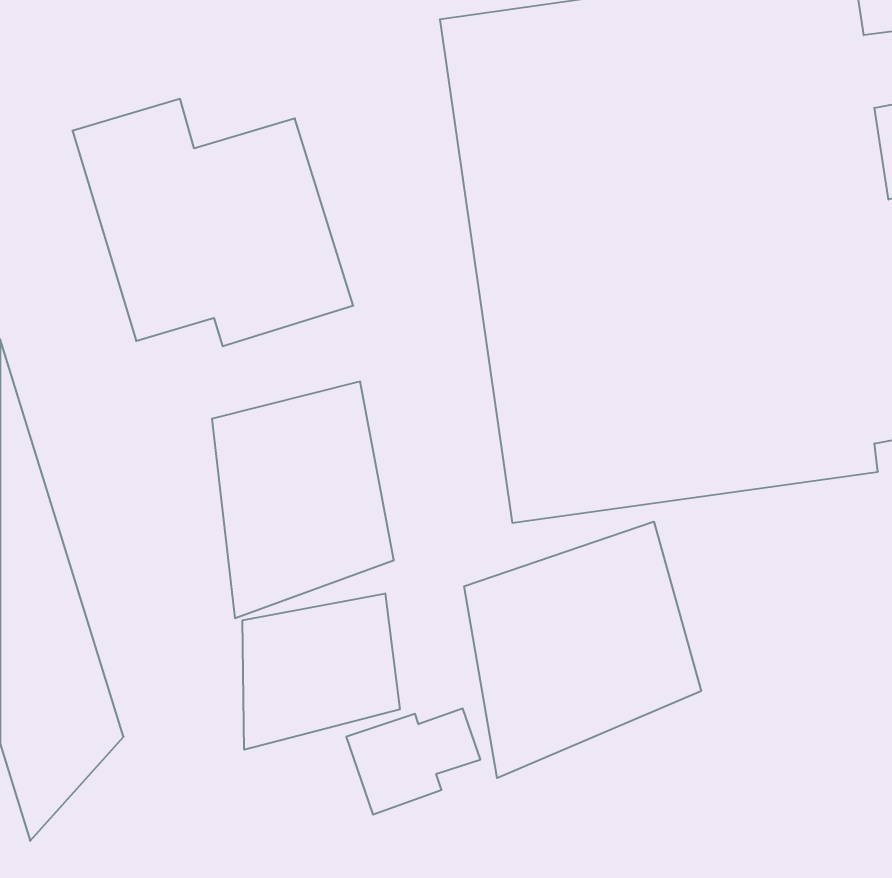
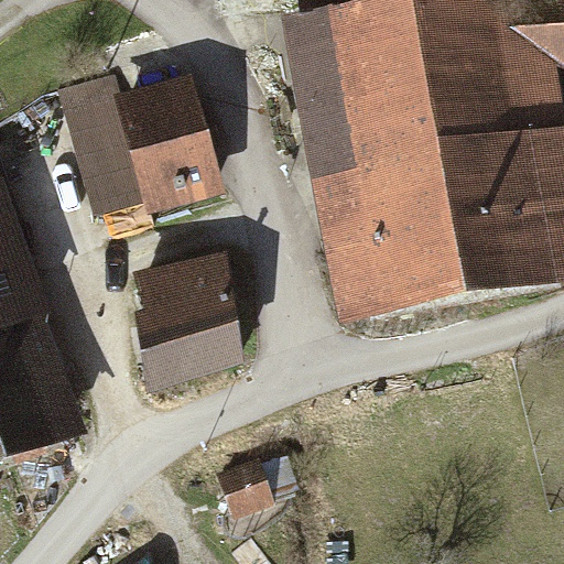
building: [464,522,701,778] -> none
building: [243,593,400,750] -> none

